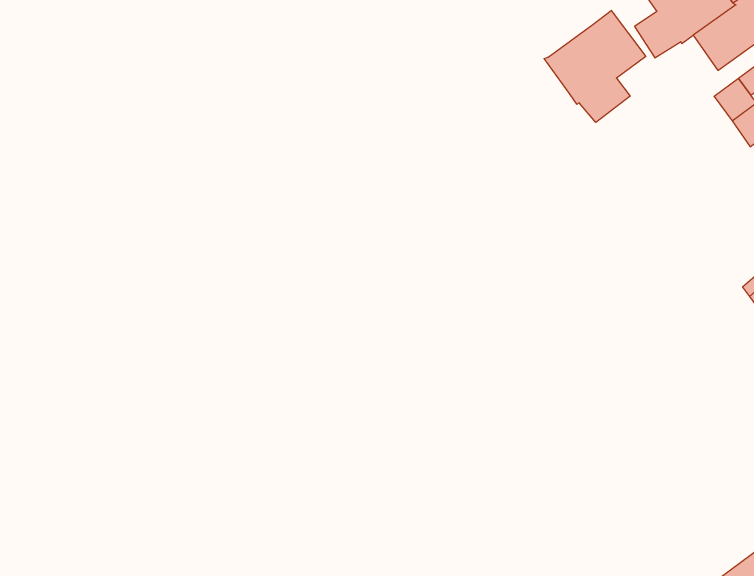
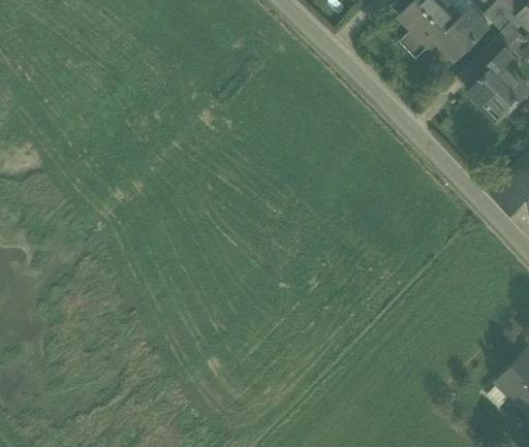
building: [544,10,646,122] -> none

